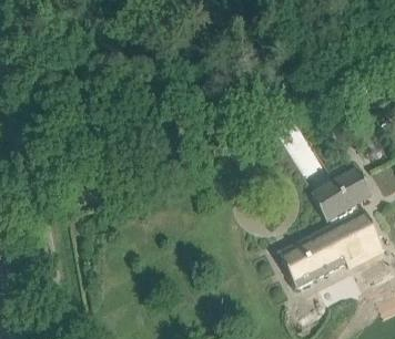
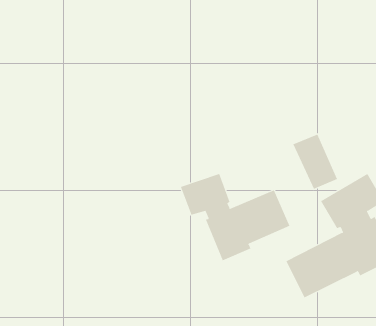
building: none -> [180,173,290,261]

